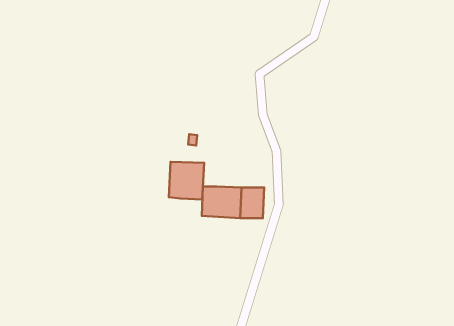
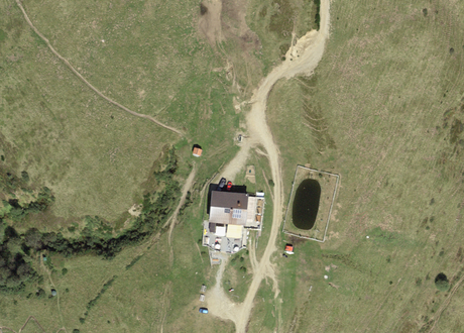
building: [169,162,204,200] -> none

